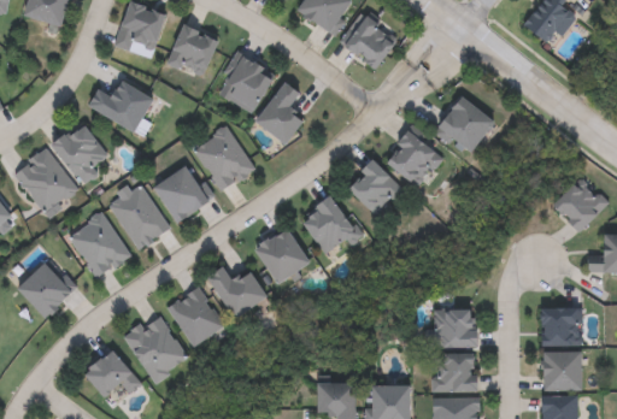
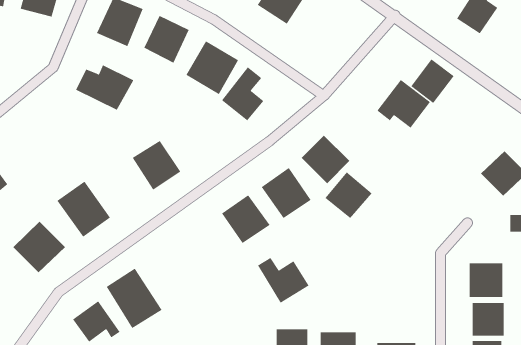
building: [339,11,398,67] -> none
building: none -> [410,58,454,104]
building: [53,120,111,183] -> none
building: [192,125,254,191] -> none
building: [386,130,441,184] -> [324,171,373,219]
building: [12,147,76,212] -> none
building: [107,182,168,248] -> none
building: [208,266,269,319] -> [257,257,310,303]
building: [166,285,224,347] -> none
building: [431,308,478,348] -> none
building: [434,353,478,391] -> none

